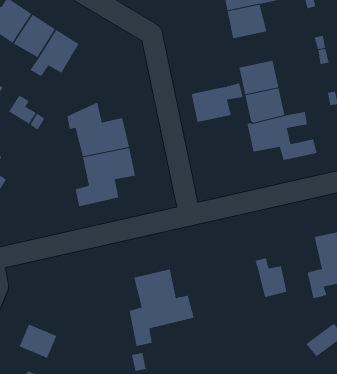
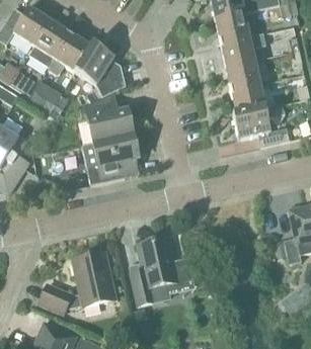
building: none -> [75,42,124,96]
building: [191,83,243,122] -> [220,32,264,66]
building: [255,258,288,298] -> none
building: none -> [72,251,114,304]

